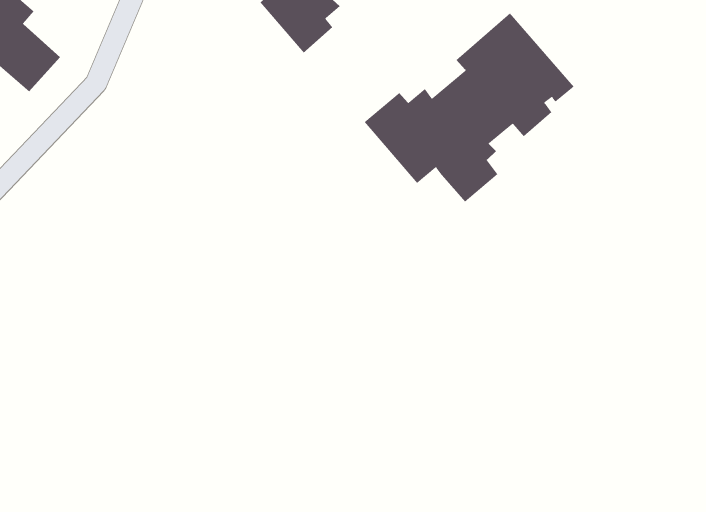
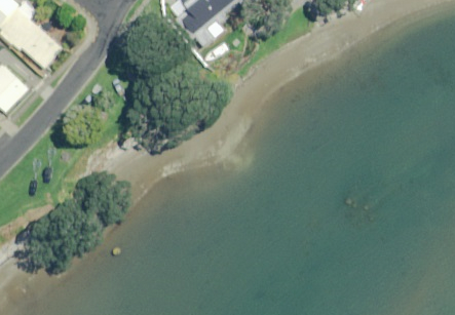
building: [364,13,574,203] -> none

